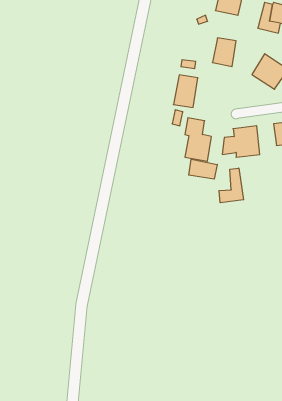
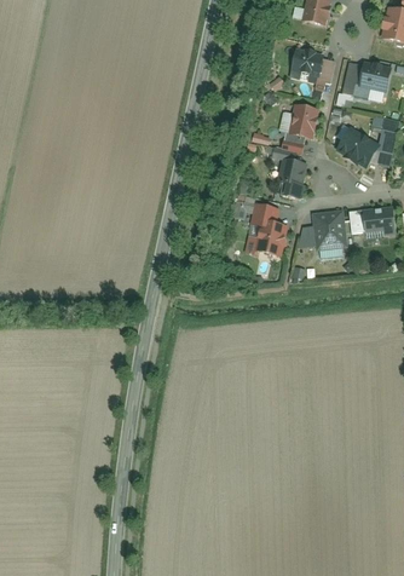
building: [173,75,198,107] -> [277,156,307,196]
building: [189,159,217,179] -> none
building: [219,168,244,203] -> none

